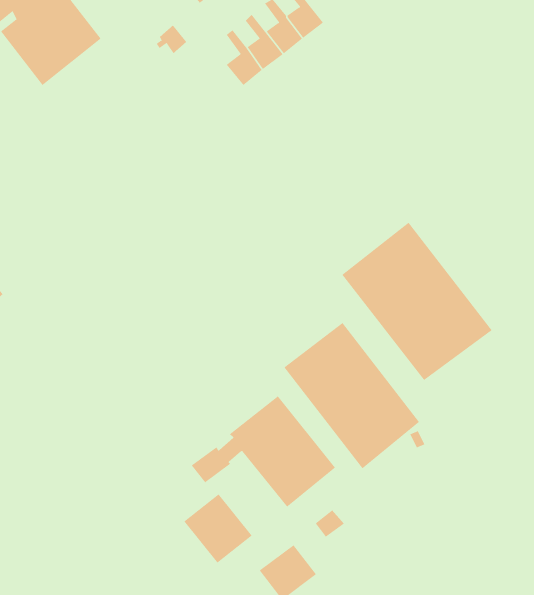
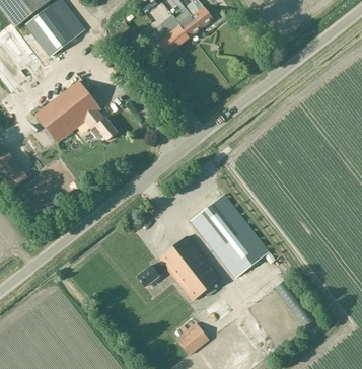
building: none -> [34,79,117,142]
building: [341,222,493,381] -> none
building: [184,494,252,563] -> none

